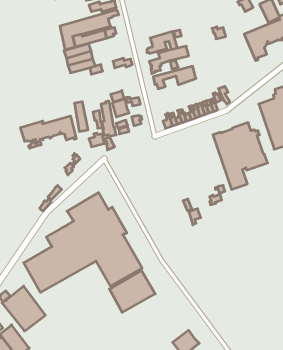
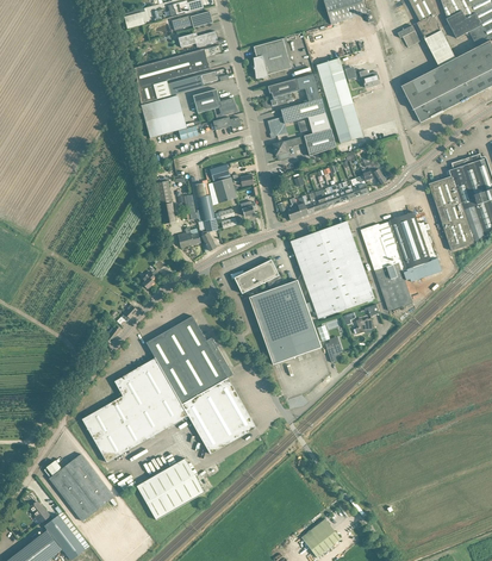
building: none -> [254,37,291,77]
building: none -> [316,49,366,143]
building: none -> [193,88,237,116]
building: [21,116,76,148] -> none
building: none -> [230,220,374,364]
building: [109,271,155,312] -> [137,457,205,519]

